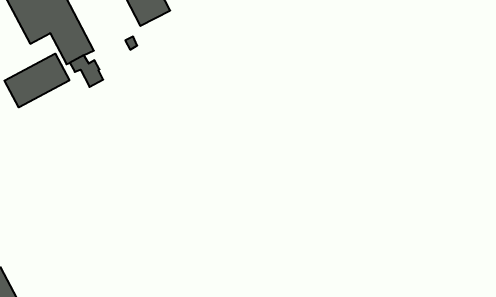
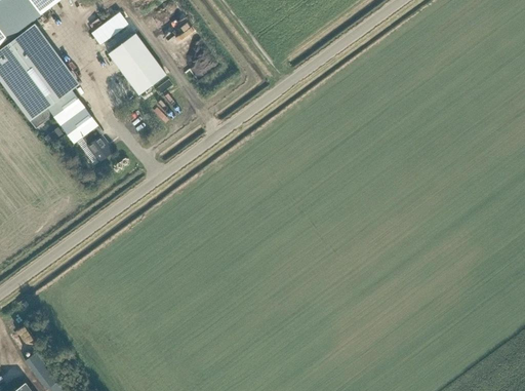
building: [4,54,69,107] -> none

